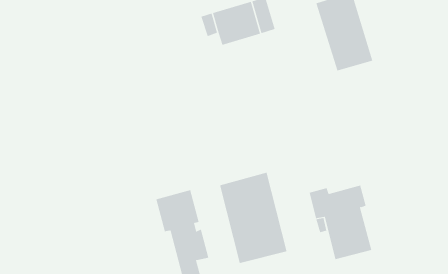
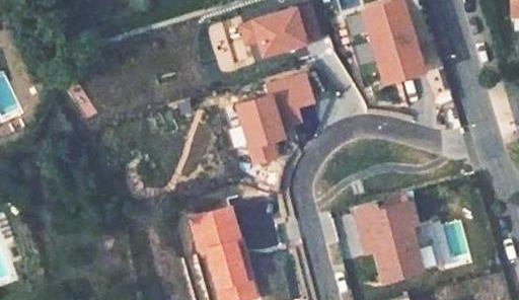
building: none -> [238,74,314,163]
building: [220,172,287,264] -> none

